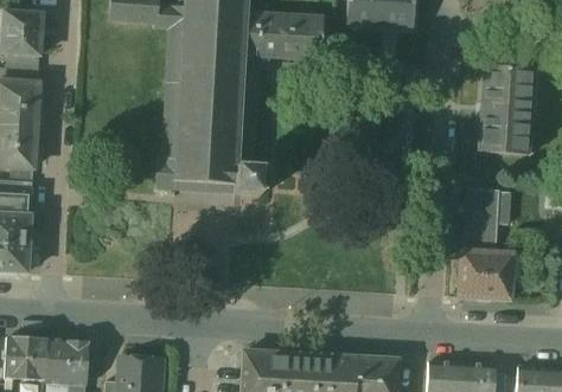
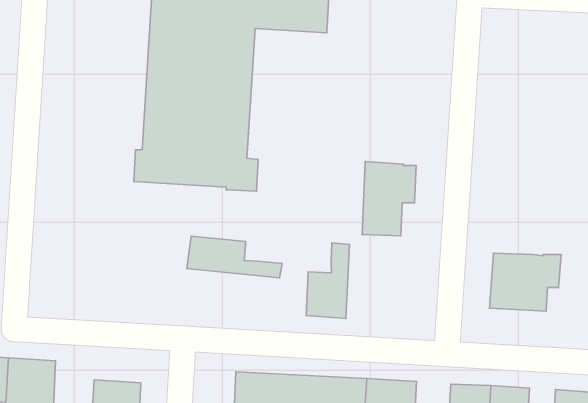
building: [481,64,532,154] -> none
building: [464,187,510,251] -> [362,161,416,236]
building: none -> [187,236,282,278]
building: none -> [306,243,350,319]

